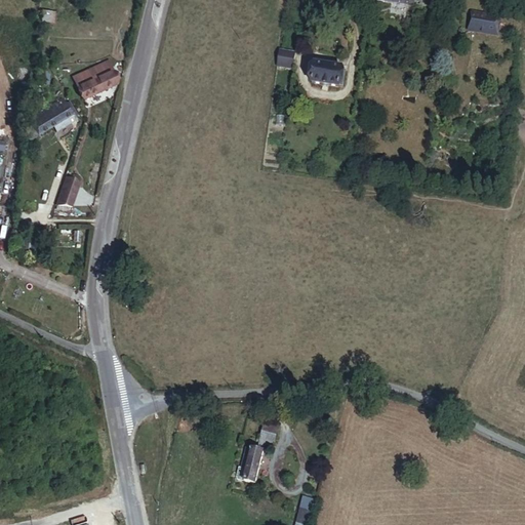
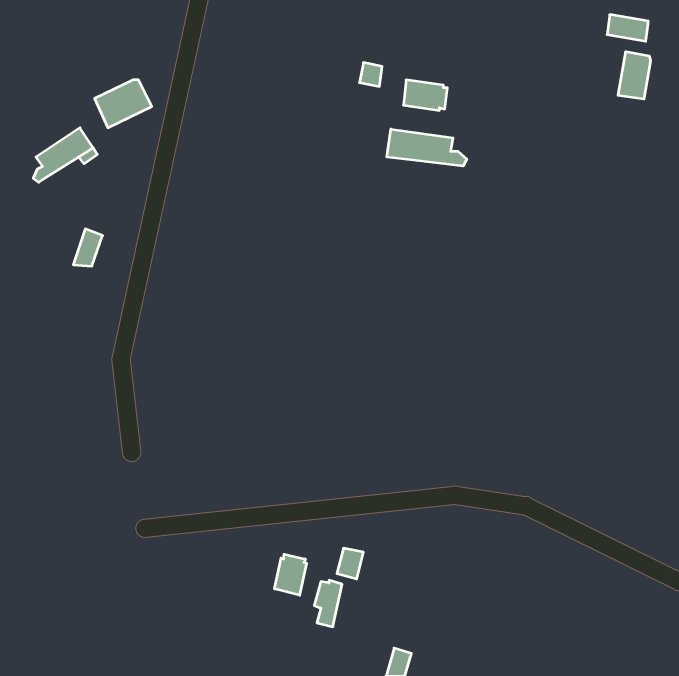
building: none -> [618,52,650,99]
building: none -> [387,129,467,166]
building: none -> [275,554,307,595]

